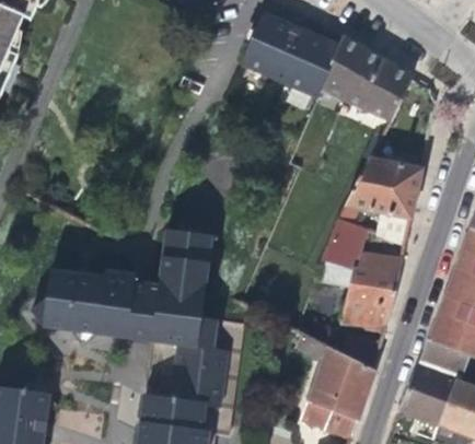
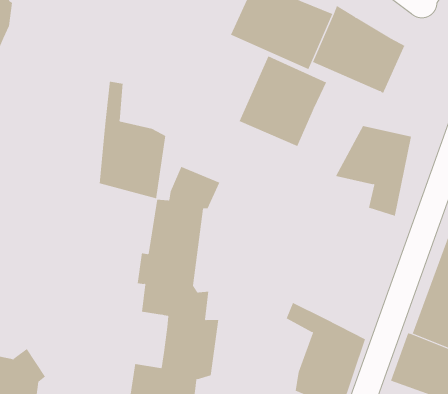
building: none -> [239,55,327,147]
building: none -> [99,81,166,199]
building: [323,219,401,332] -> none
building: [28,268,132,339] -> none

